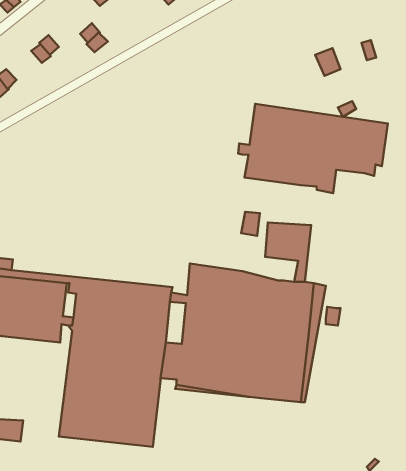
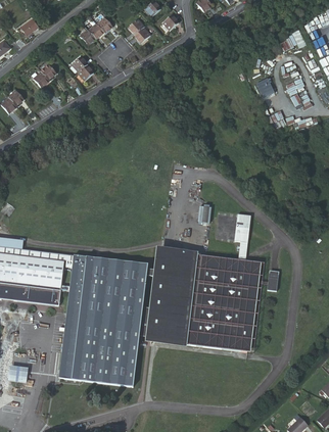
building: [238,104,388,193] -> none

